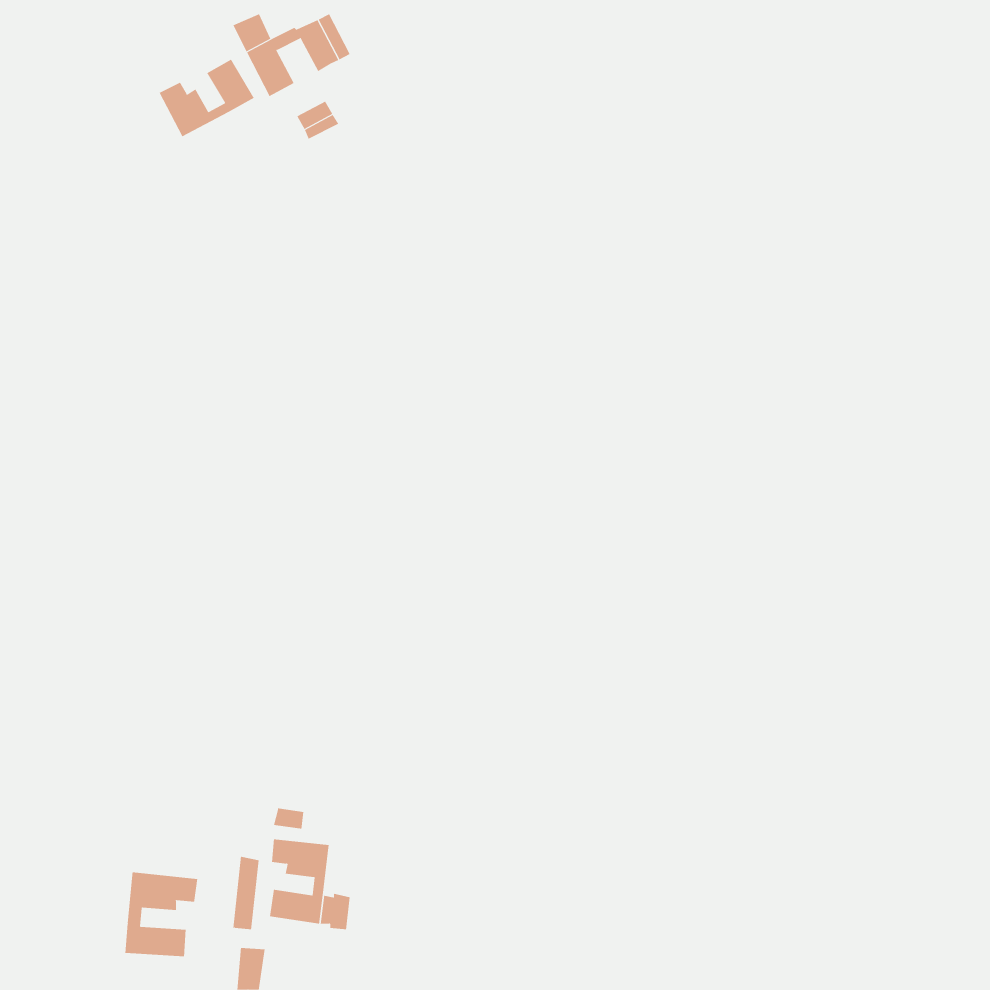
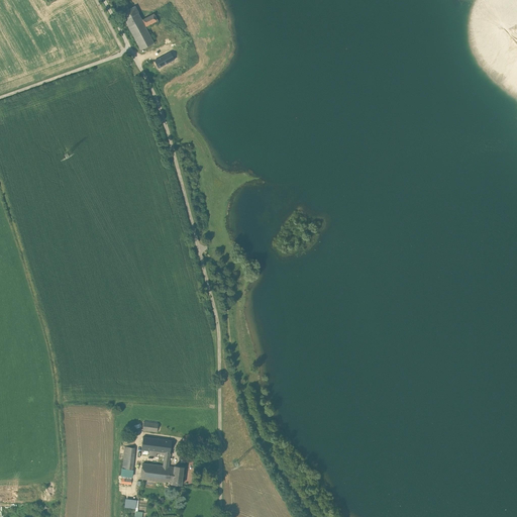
building: [159,59,254,137] -> none
building: [125,872,198,957] -> none

